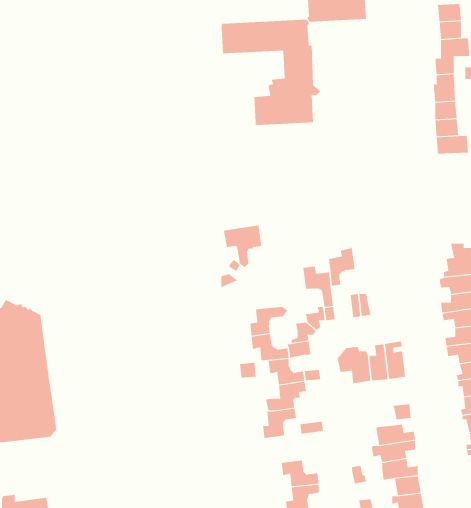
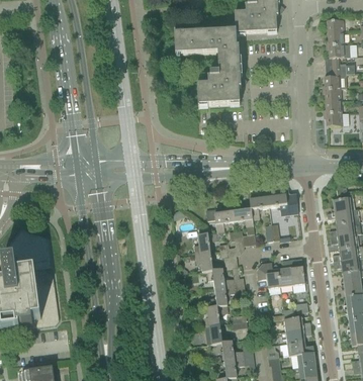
building: [223,225,262,268] -> [206,206,234,236]
building: none -> [266,185,298,215]
building: none -> [204,324,232,345]

